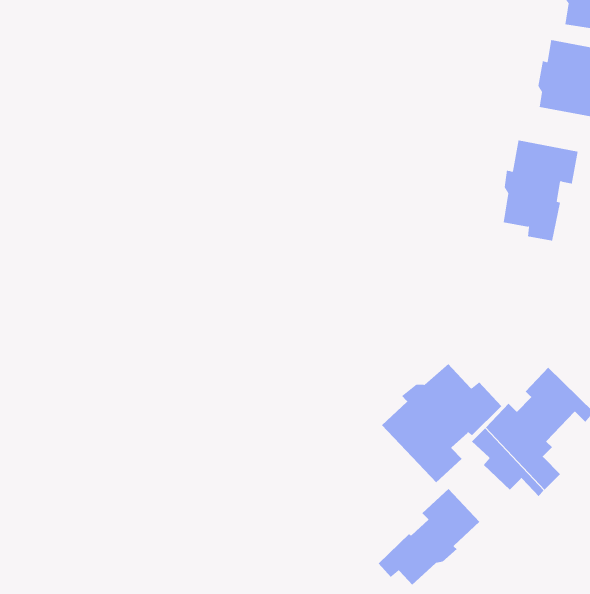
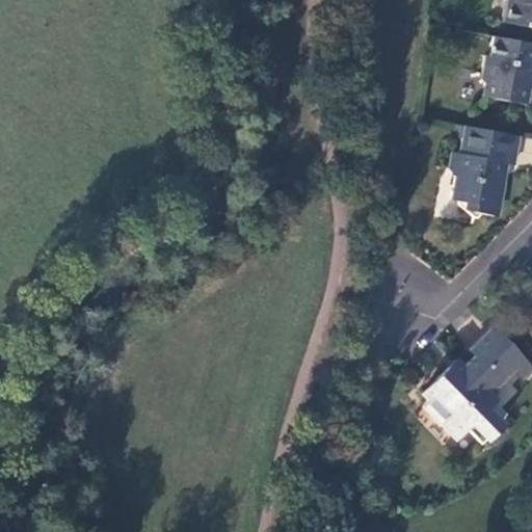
building: [381,363,502,483] -> none
building: [378,488,480,585] -> none

